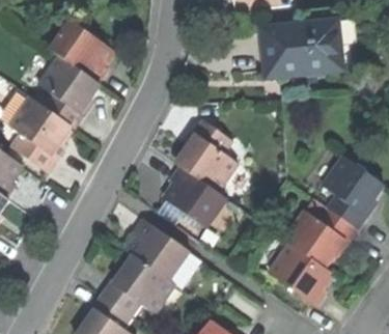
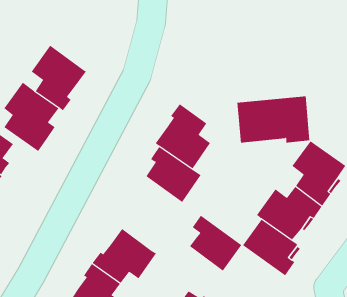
building: [49,19,110,82] -> none
building: [259,22,340,74] -> [236,96,310,143]
building: [132,218,190,280] -> [189,215,242,272]

